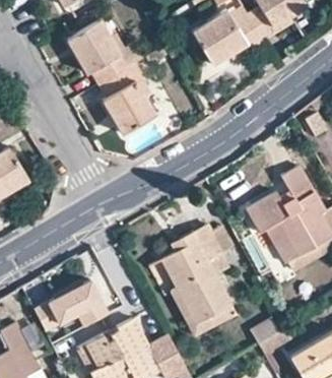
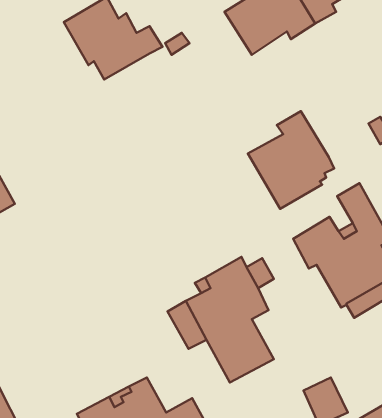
building: [97,64,155,134] -> none
building: none -> [248,111,334,209]
building: [32,279,107,331] -> none
building: [170,289,236,337] -> none

